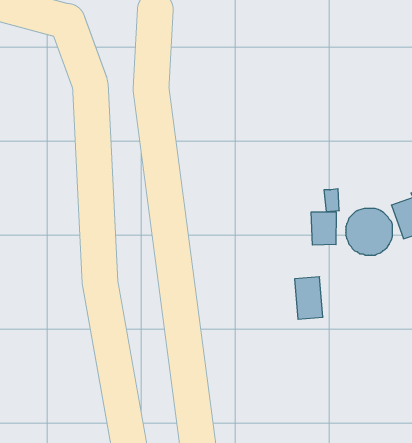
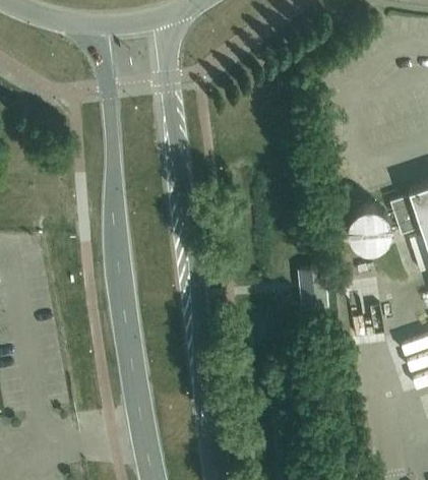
building: [311,212,336,245] -> none

